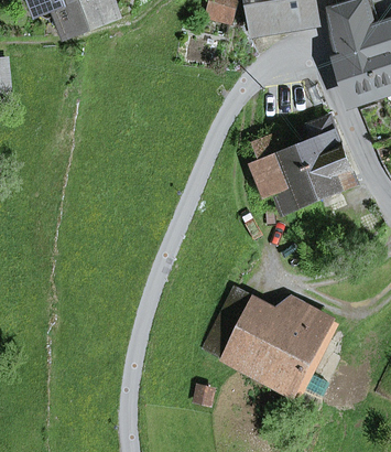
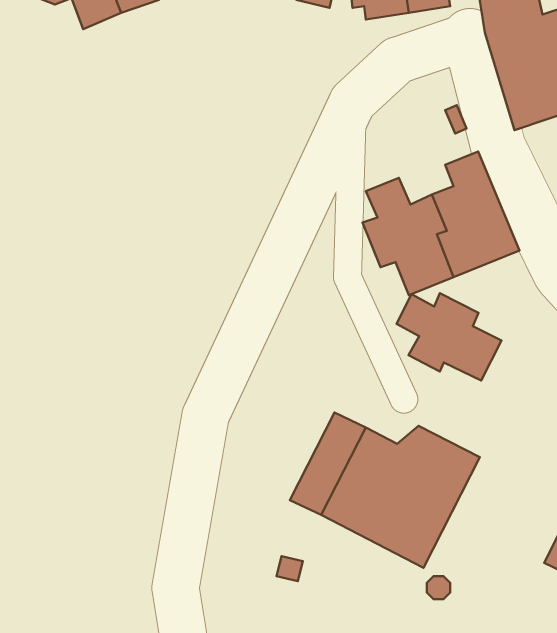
building: none -> [396,293,501,381]

